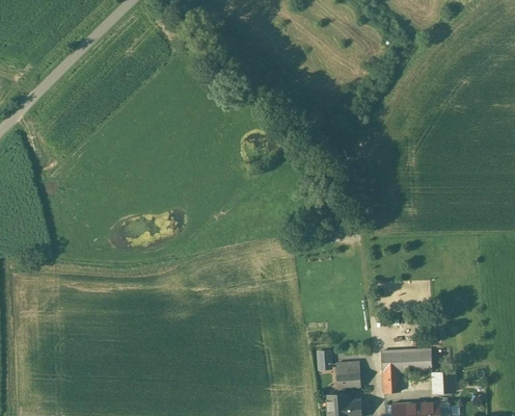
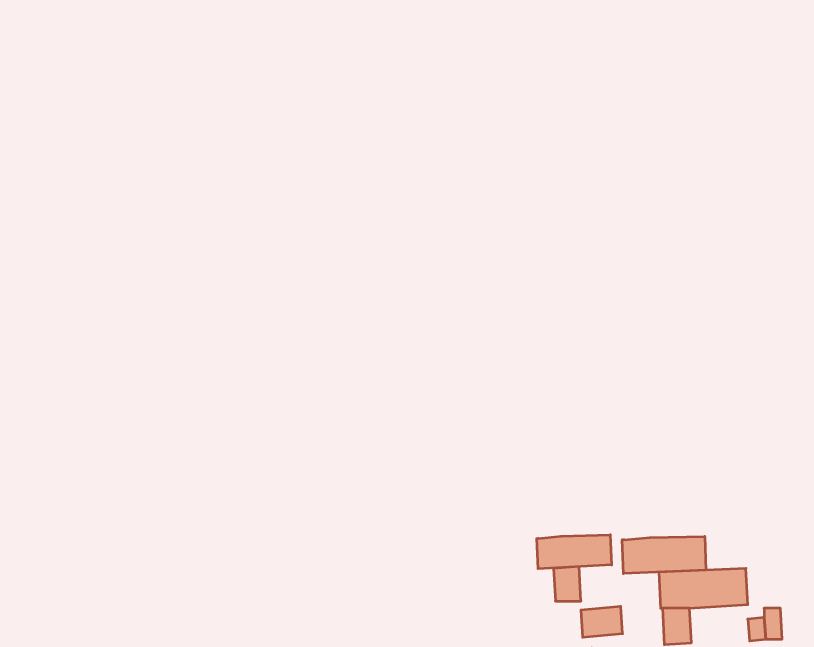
building: none -> [537,535,612,569]
building: none -> [622,536,706,574]

